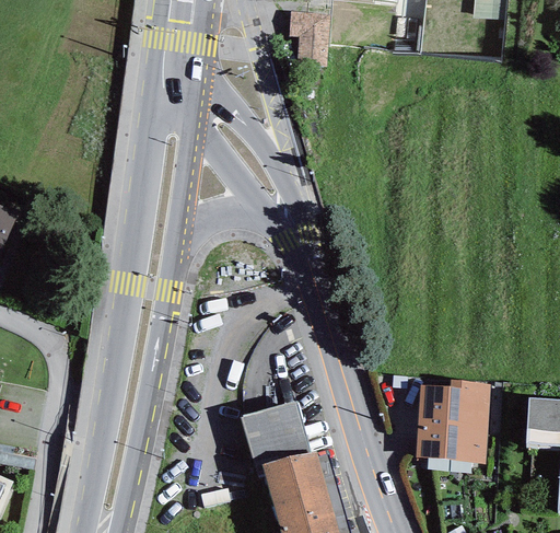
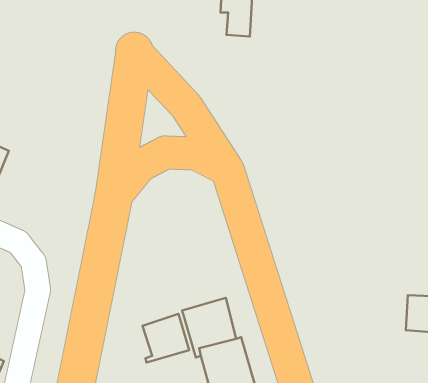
building: [416,380,492,463] -> none
building: none -> [142,314,189,363]

